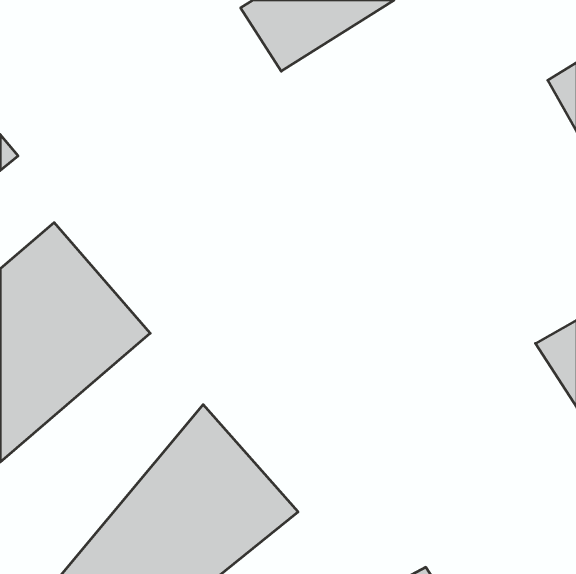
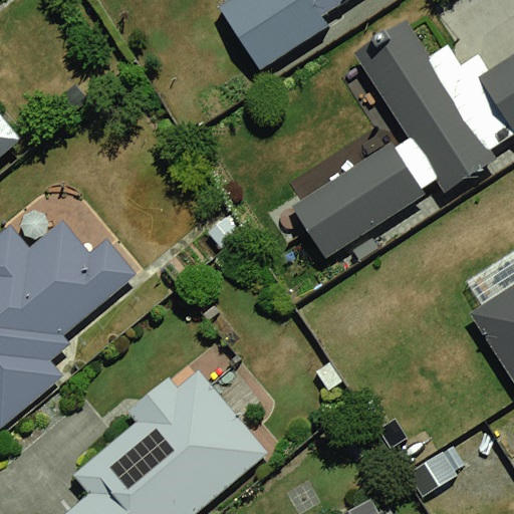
building: none -> [288,22,487,253]

